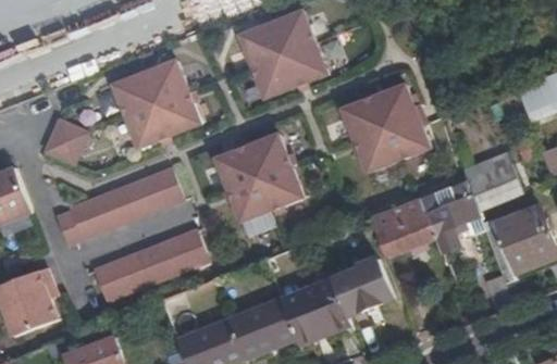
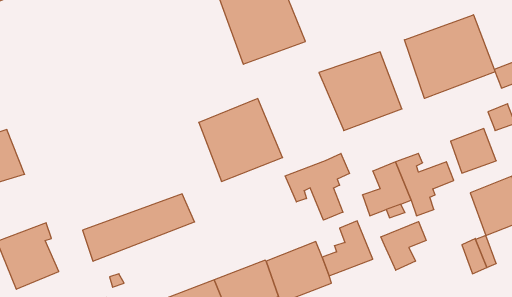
building: none -> [404,15,495,98]
building: [106,54,196,143] -> none
building: [35,116,76,160] -> none
building: [53,164,181,243] -> none
building: none -> [285,153,350,220]
building: none -> [381,222,426,270]

